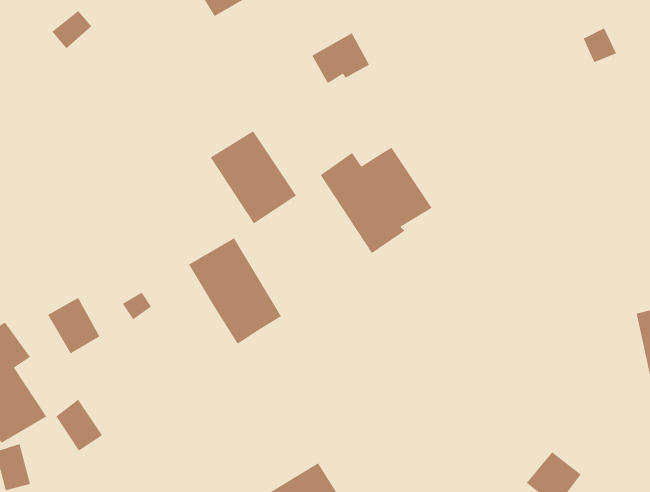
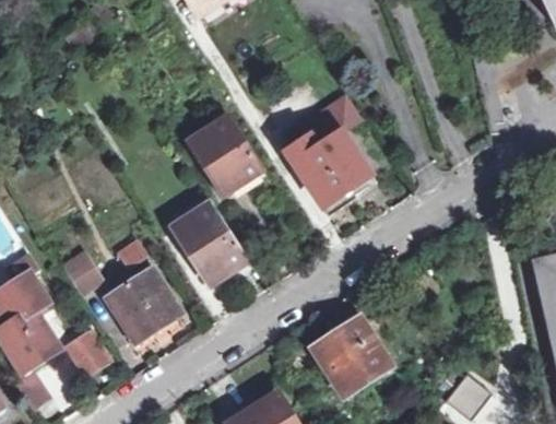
building: [311,32,370,84] -> [314,95,360,137]
building: none -> [107,269,179,341]
building: none -> [315,319,390,392]

